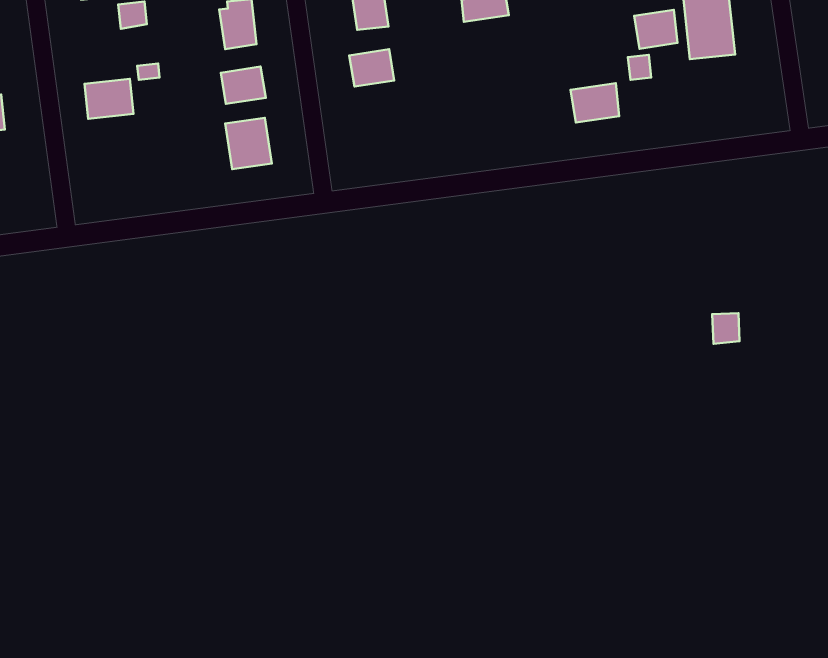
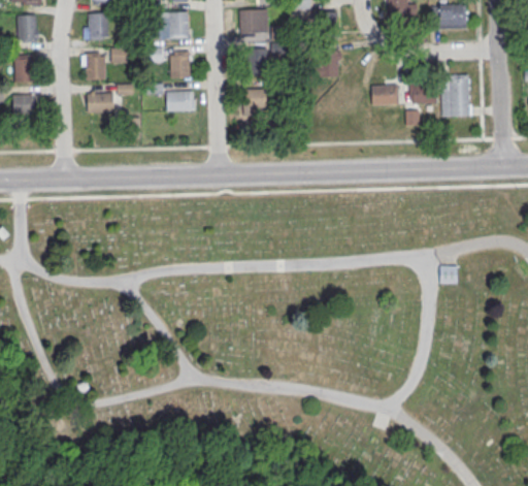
building: none -> [87,53,106,80]
building: [571,83,619,123] -> [372,86,399,106]
building: [225,118,272,169] -> none

